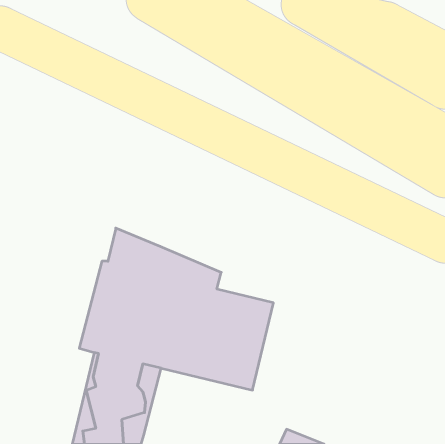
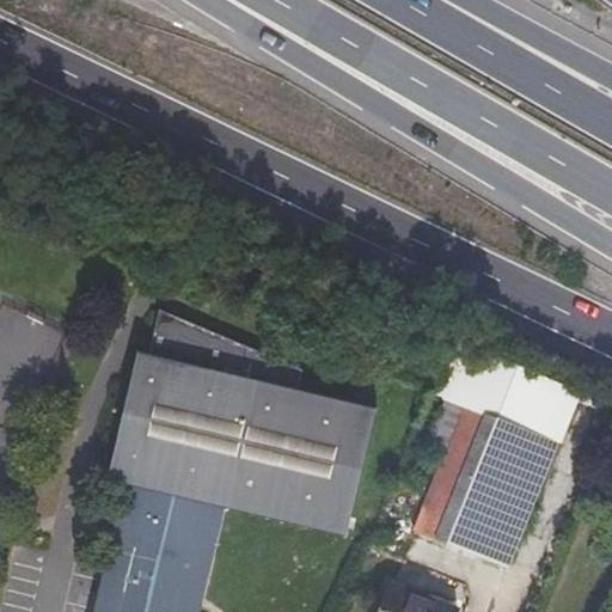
building: none -> [417,362,570,571]

